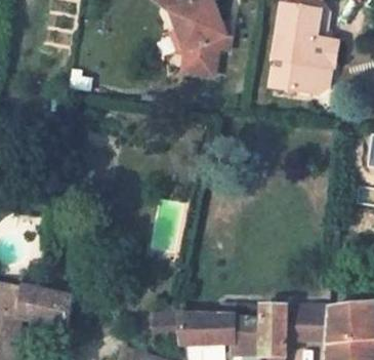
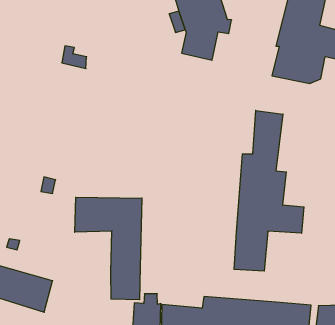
building: none -> [234,110,304,271]
building: none -> [75,197,142,300]

